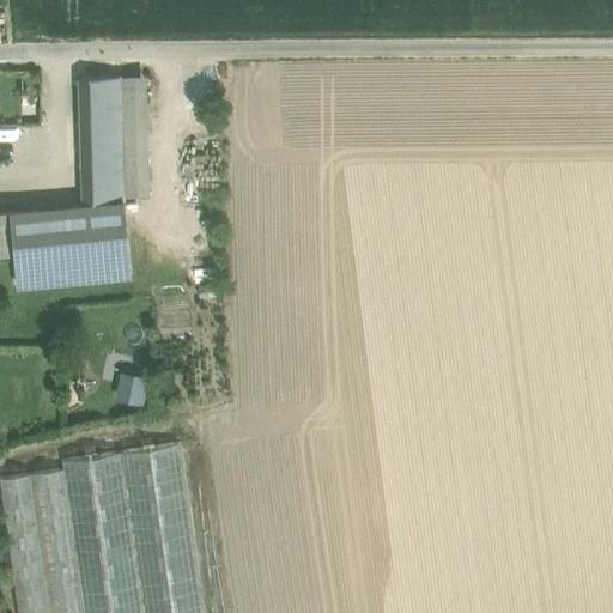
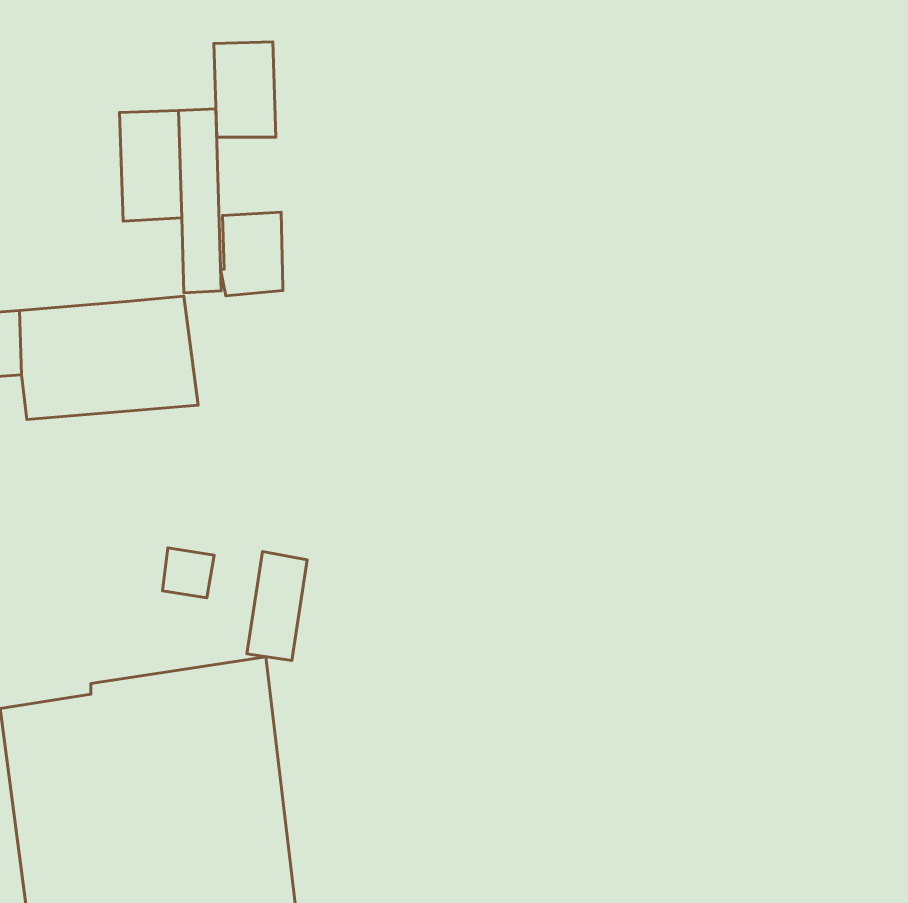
building: none -> [214,42,276,137]
building: [81,152,123,208] -> [221,212,283,296]
building: none -> [247,552,307,661]

